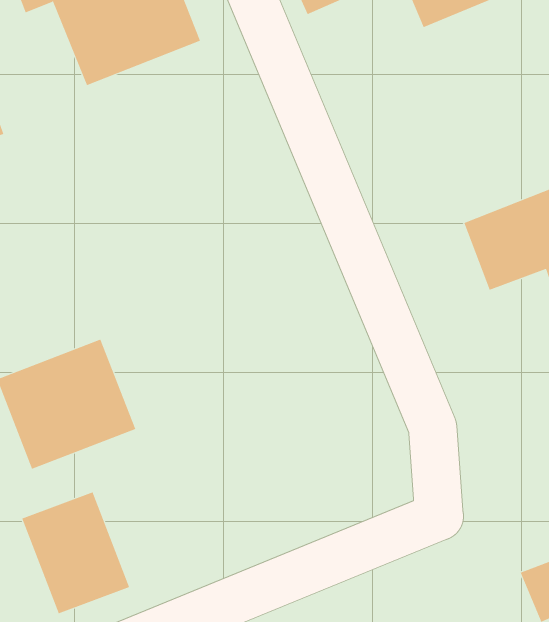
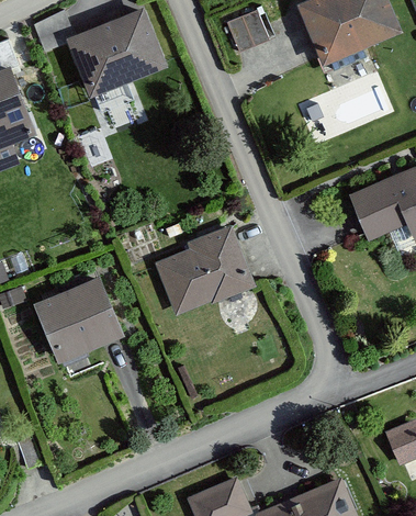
building: none -> [156,225,252,315]
building: [21,491,130,614] -> none

